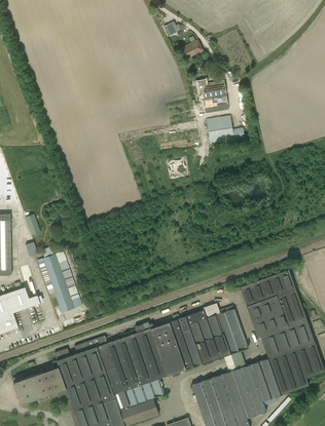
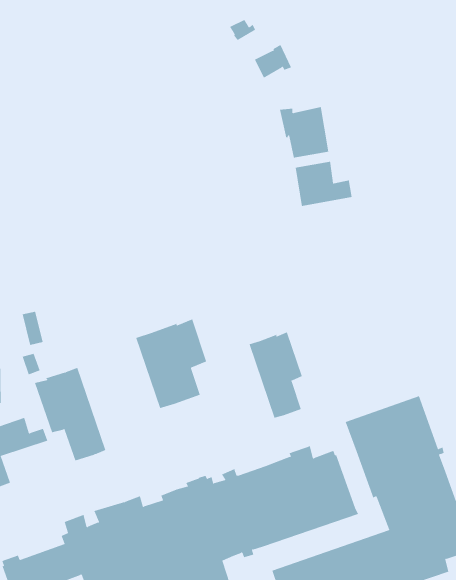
building: none -> [135,319,207,409]
building: none -> [249,331,302,419]

